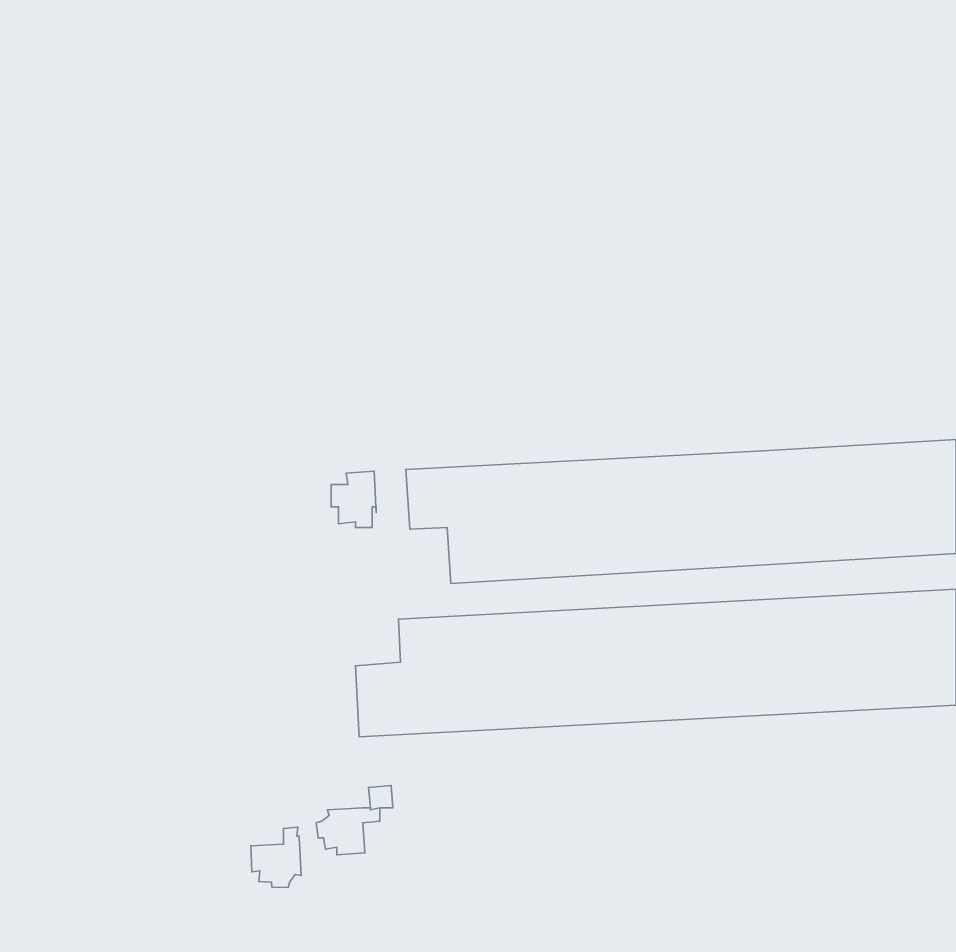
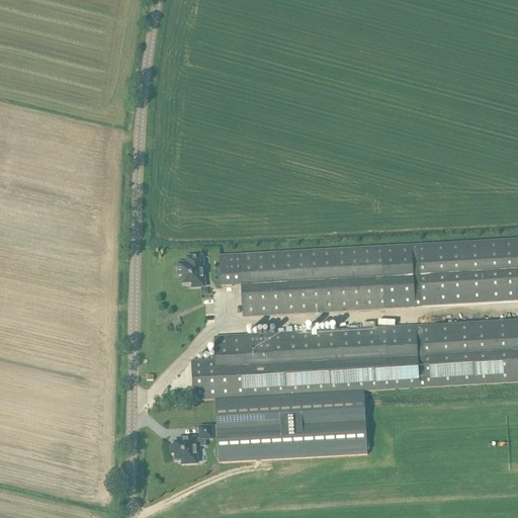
building: none -> [215,391,367,461]
building: [251,827,301,887] -> none

